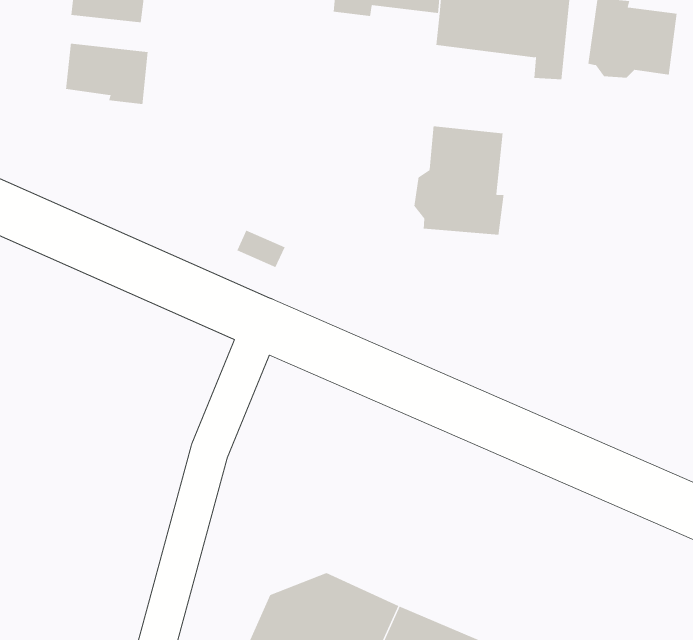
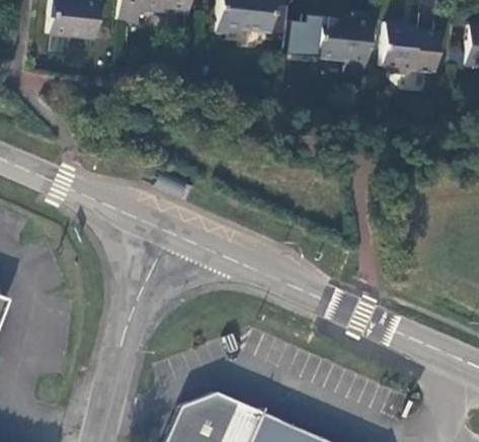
building: [65,43,148,105] -> none
building: [414,126,504,236] -> none

